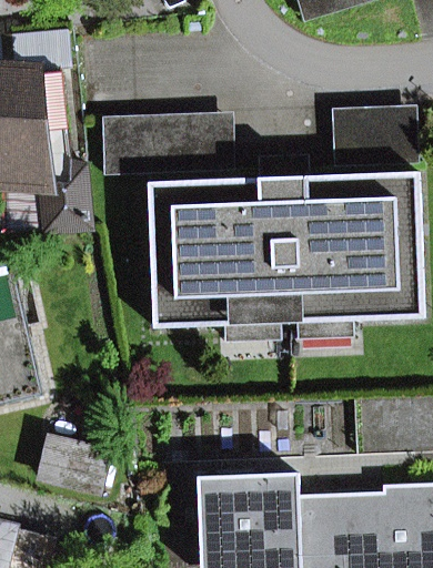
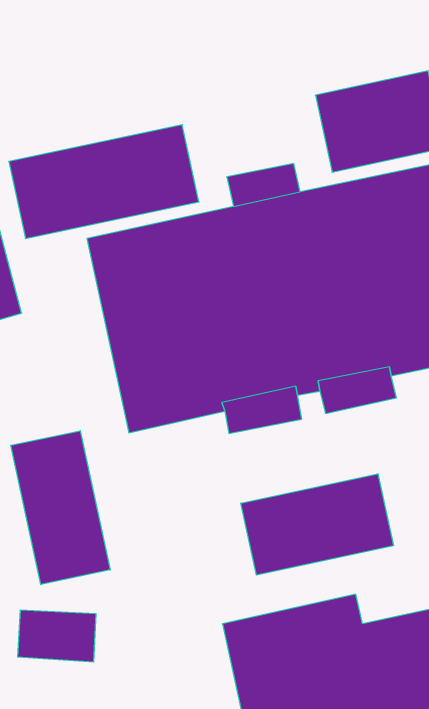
building: none -> [11,431,110,585]
building: none -> [241,474,393,575]

